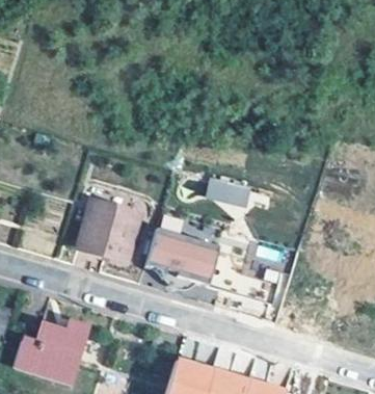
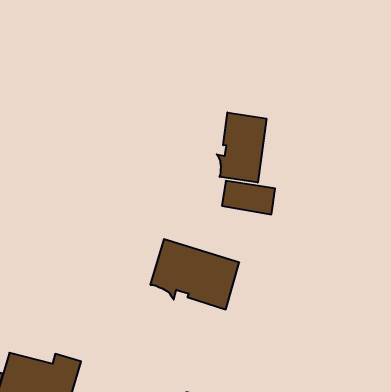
building: none -> [217,112,266,183]
building: [81,202,140,261] -> none

